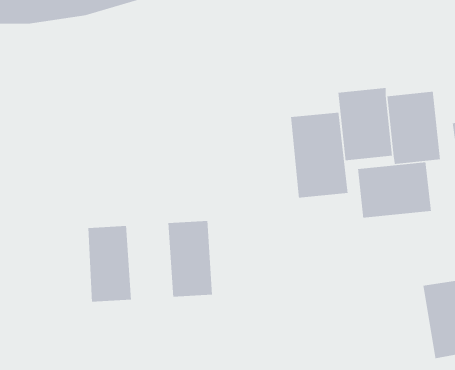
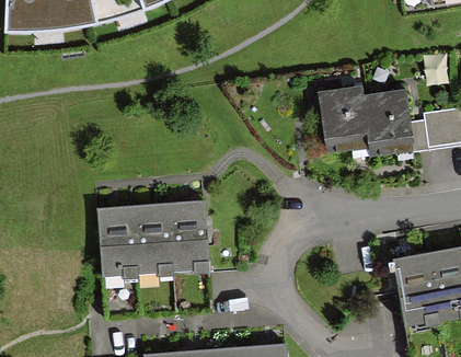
building: [290,112,348,199] -> none
building: [357,161,432,219] -> none
building: none -> [131,206,172,275]

